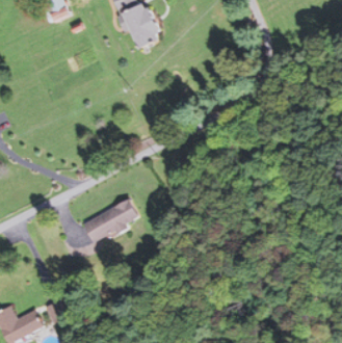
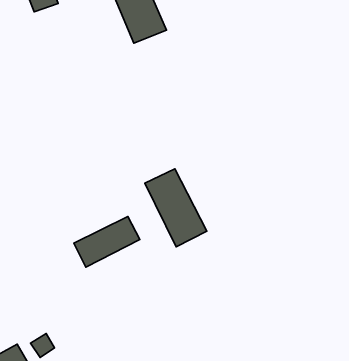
building: none -> [145,169,207,247]

